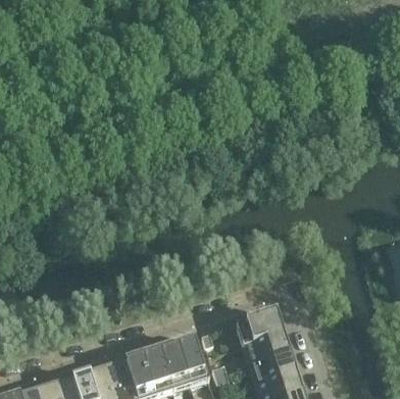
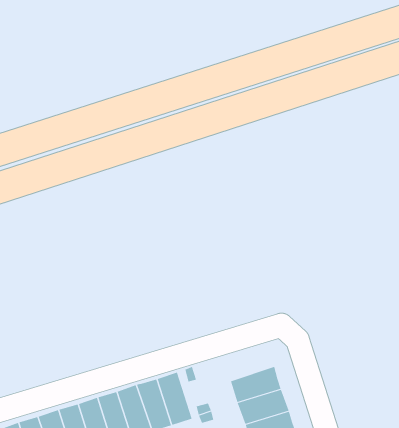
building: [237,311,283,345] -> none

